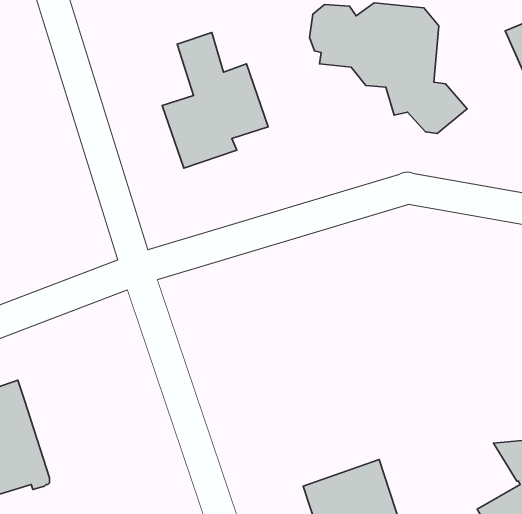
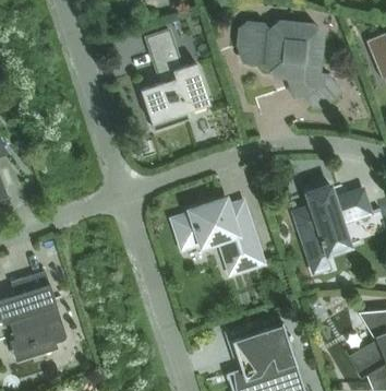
building: none -> [294,186,371,275]
building: none -> [173,199,263,273]

